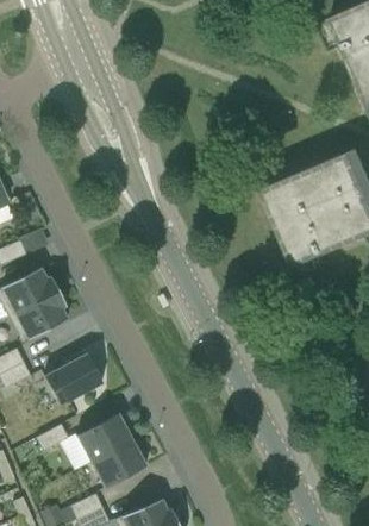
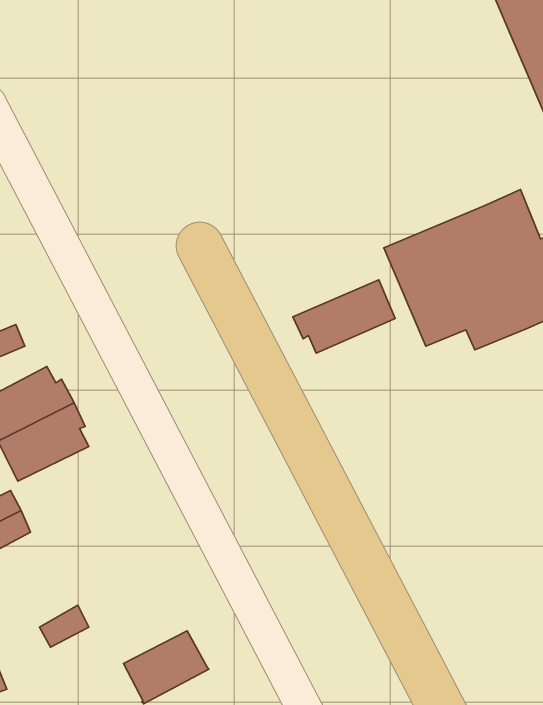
building: none -> [293,280,395,353]
building: [45,352,104,405] -> none
building: [77,413,133,461] -> none

